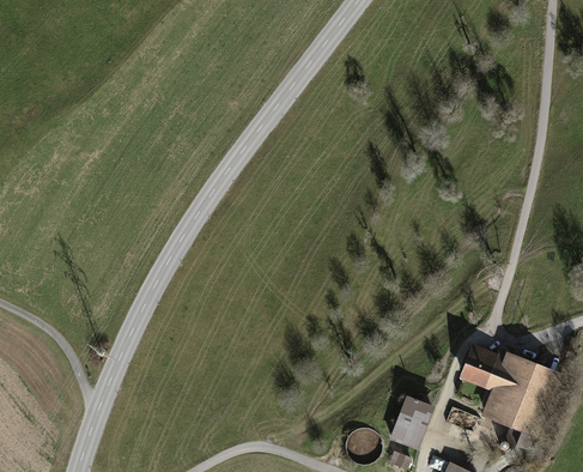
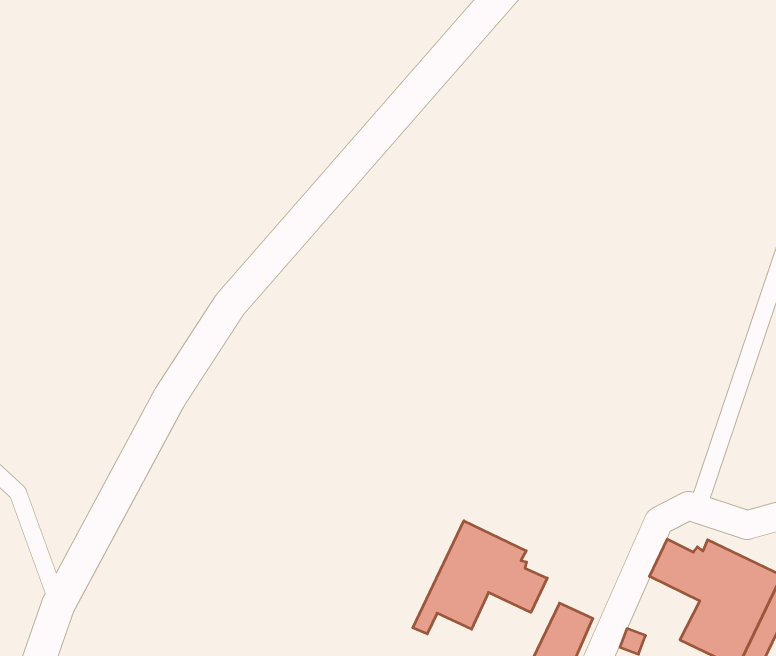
building: none -> [413,521,547,634]

